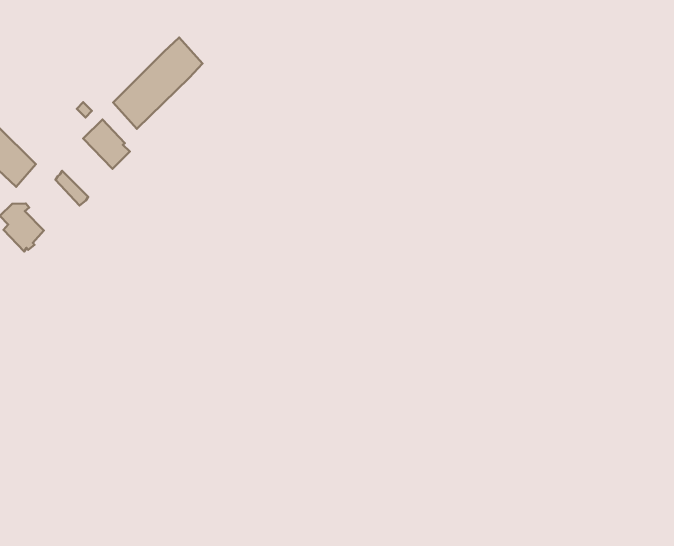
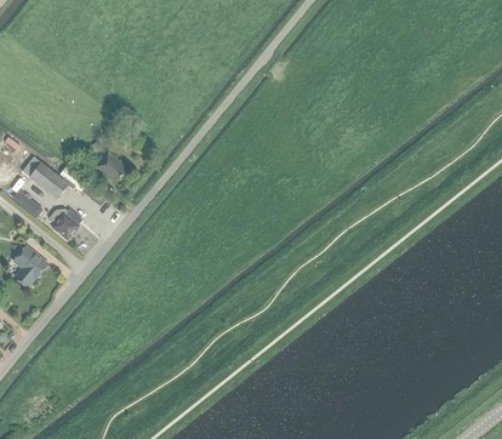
building: [113,37,203,129] -> none

